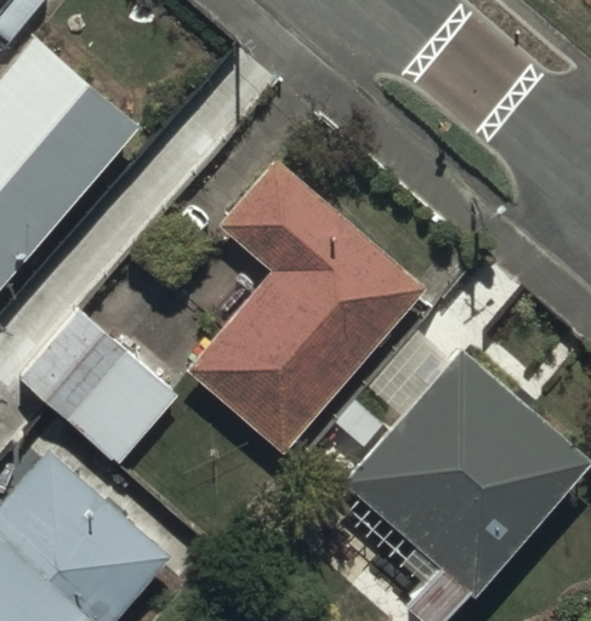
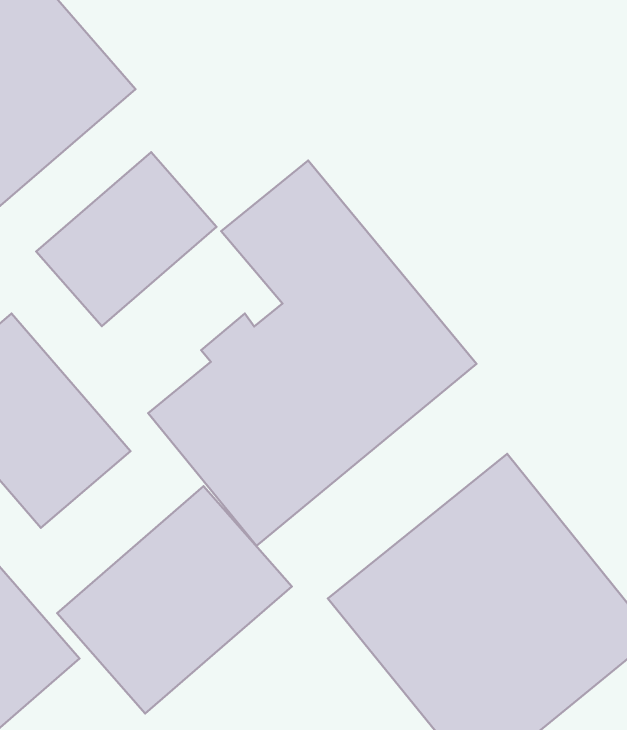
building: none -> [36,152,217,326]
building: none -> [57,486,292,714]

